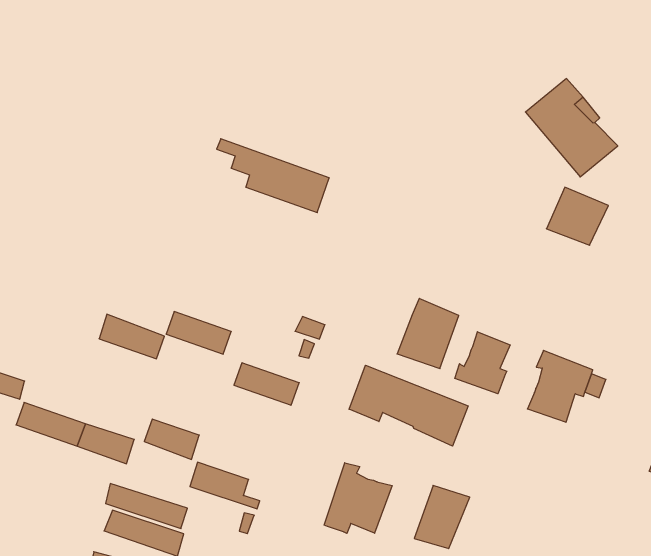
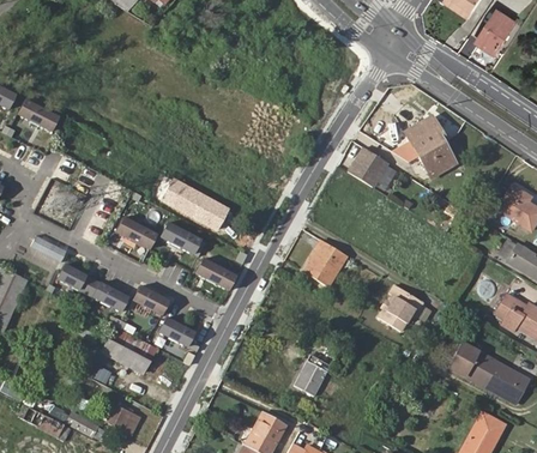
building: [217,139,329,213] -> [161,175,228,230]
building: [546,187,608,245] -> [349,149,390,187]
building: [455,332,510,394] -> none
building: [349,365,468,446] -> none
building: [324,463,392,533] -> none

